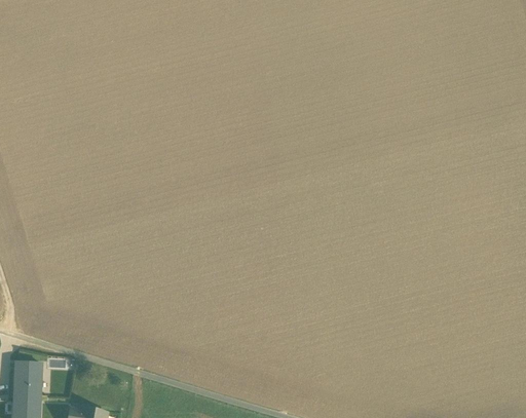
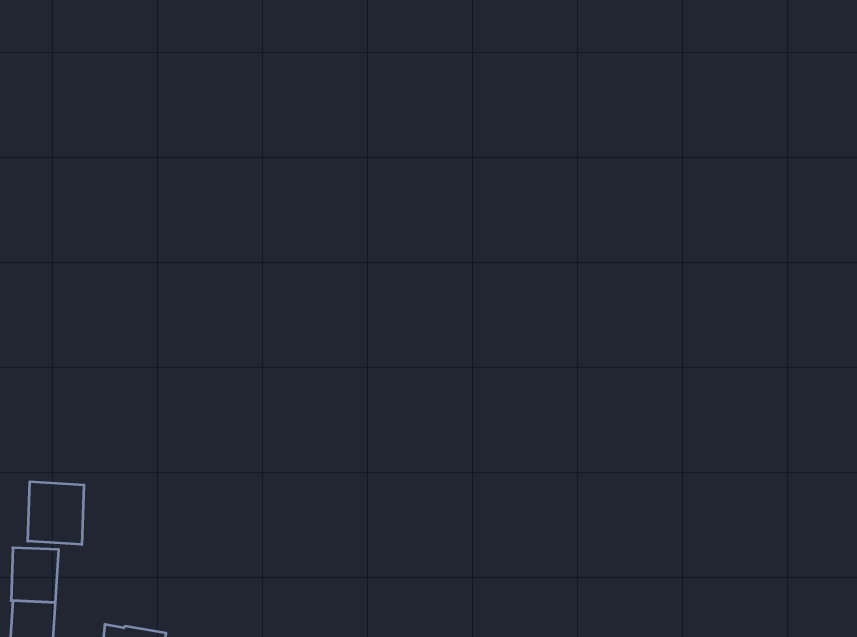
building: none -> [28,482,84,545]

